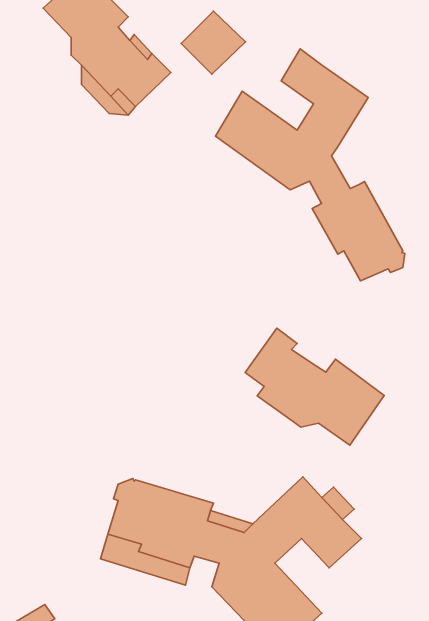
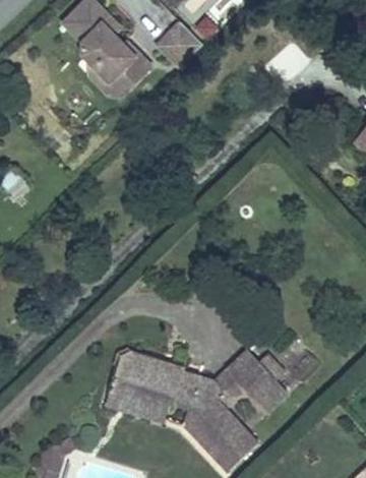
building: [216,49,405,281] -> none
building: [245,328,384,445] -> none

